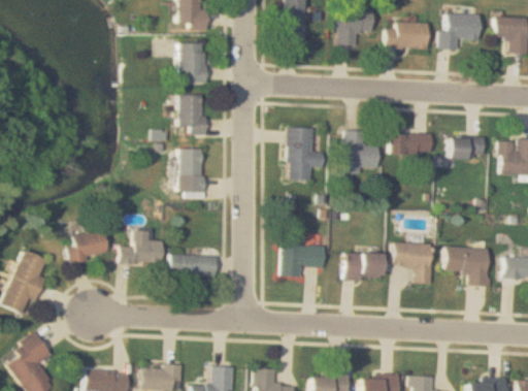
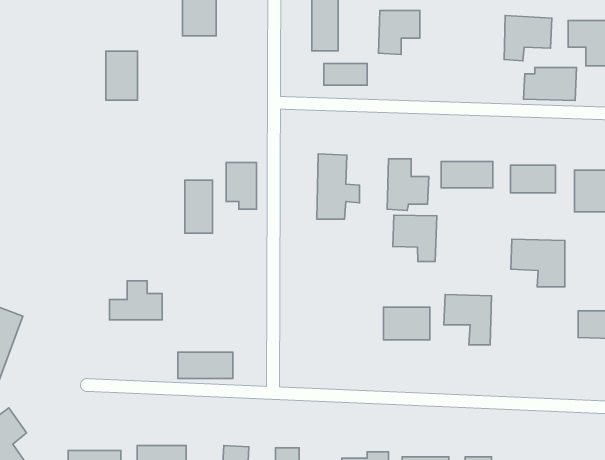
building: [386,23,429,50] -> [524,68,576,100]
building: [178,43,204,84] -> [106,51,137,100]
building: none -> [324,63,367,85]
building: [179,96,204,134] -> [226,163,256,209]
building: none -> [393,215,437,261]
building: [68,233,105,259] -> none
building: [282,235,324,278] -> none
building: [444,247,489,286] -> [511,239,565,287]
building: [170,256,216,278] -> [178,352,233,379]

